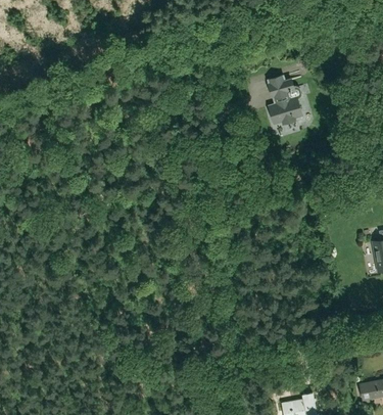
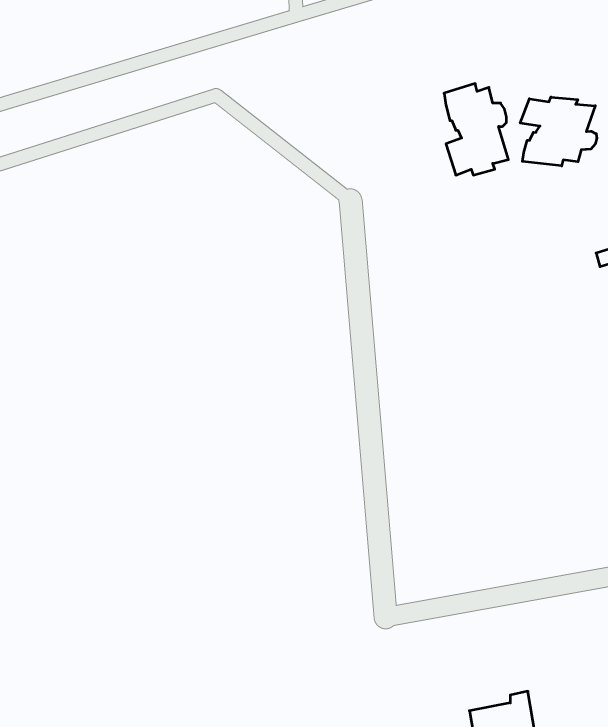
building: none -> [520,97,597,166]

